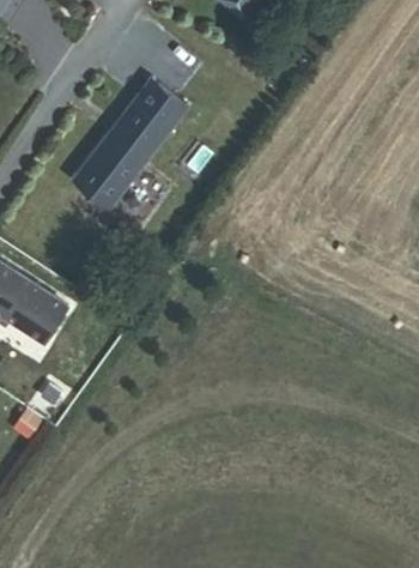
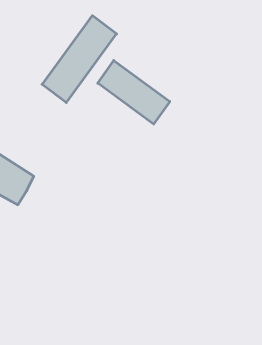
building: none -> [98,60,170,124]

